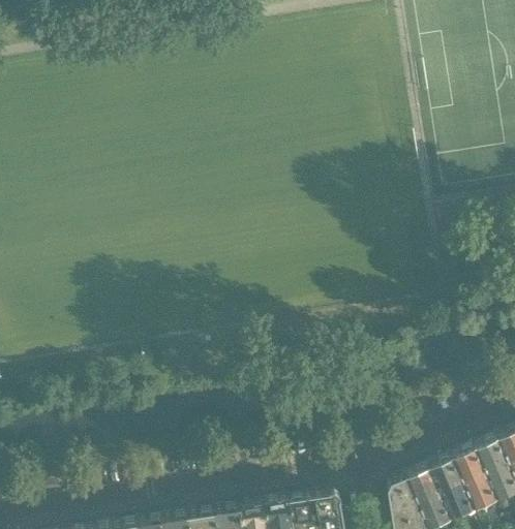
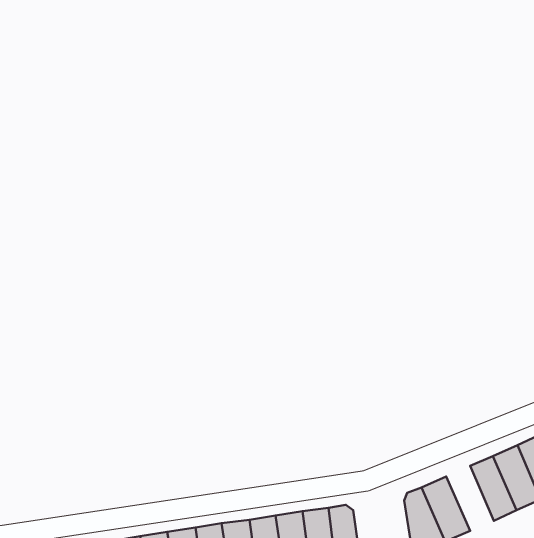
building: [429,459,475,521] -> none

